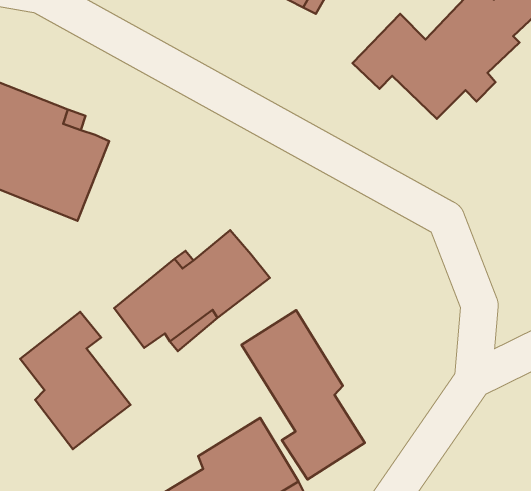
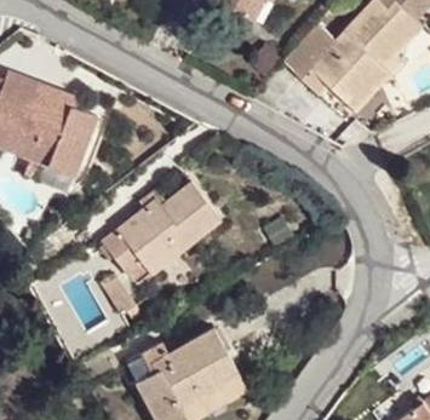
building: [242,310,365,480] -> none
building: [20,312,130,449] -> none

